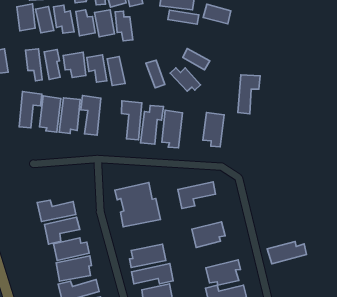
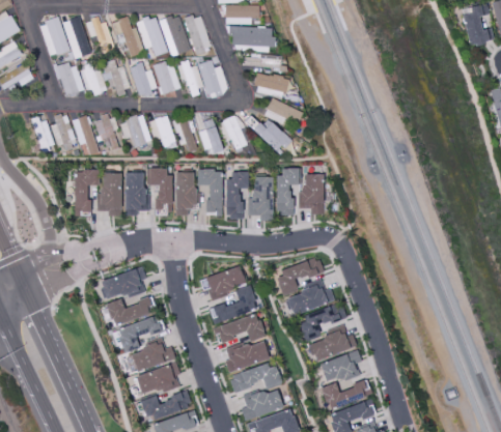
building: [203,4,231,24] -> [254,73,287,94]
building: none -> [198,60,229,98]
building: none -> [51,114,76,150]
building: none -> [200,119,220,152]
building: [238,75,260,114] -> [277,168,301,215]
building: none -> [175,172,196,215]
building: none -> [100,268,146,299]
building: none -> [285,285,335,317]
building: none -> [216,314,265,342]
building: [267,241,307,264] -> [308,332,357,362]

